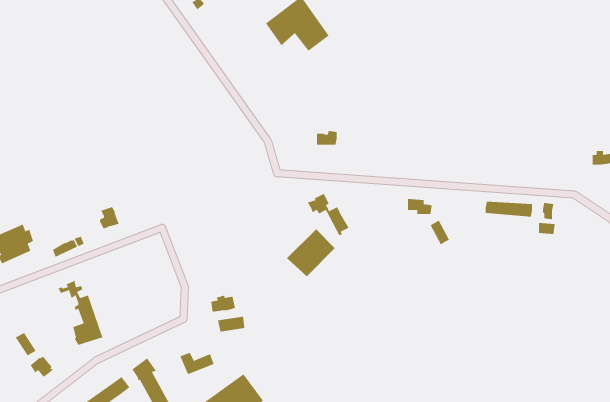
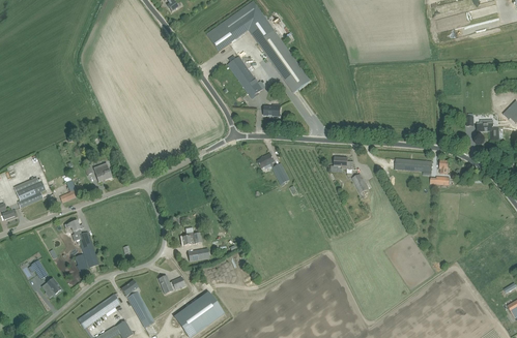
building: none -> [206,21,236,51]
building: none -> [257,30,310,92]
building: none -> [227,55,262,96]
building: [286,228,336,277] -> none

